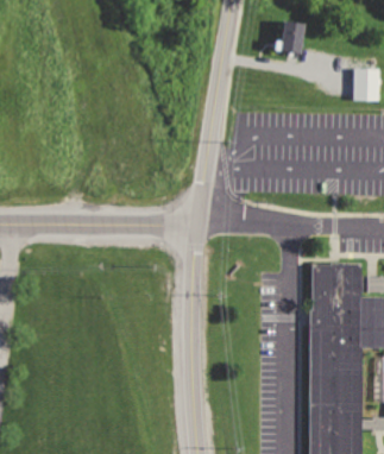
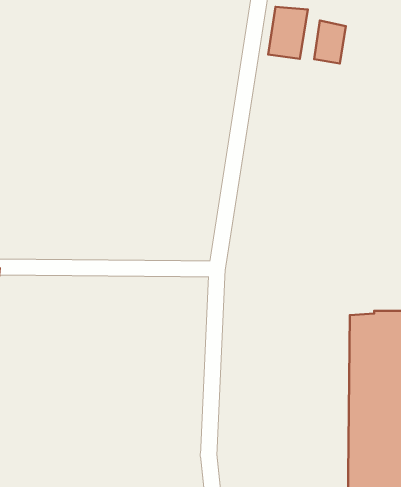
building: none -> [268,7,308,59]

